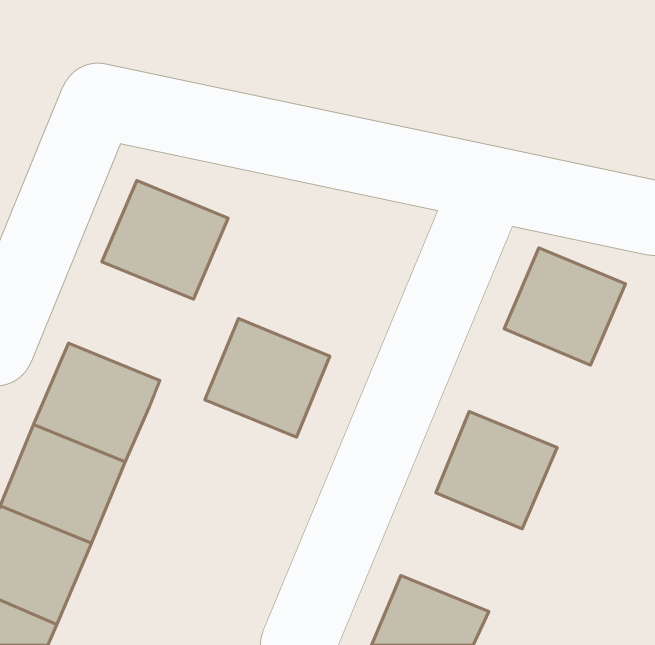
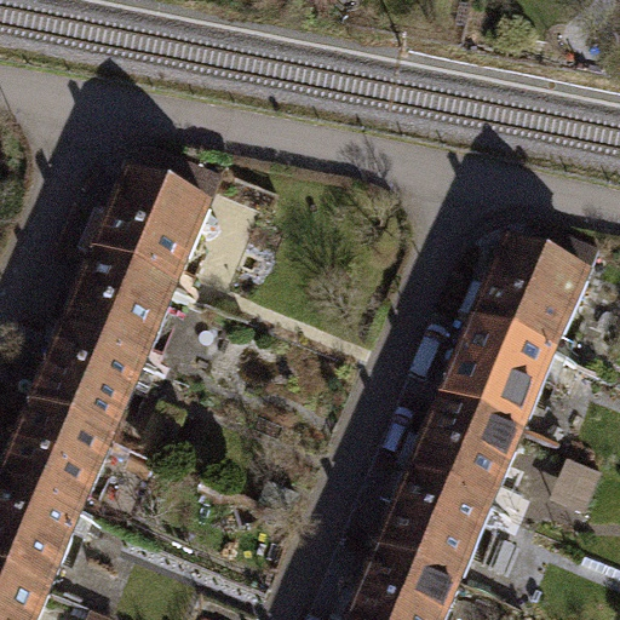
building: [205,319,330,437] -> [64,246,182,357]
building: none -> [441,309,555,420]
building: none -> [377,463,490,574]

